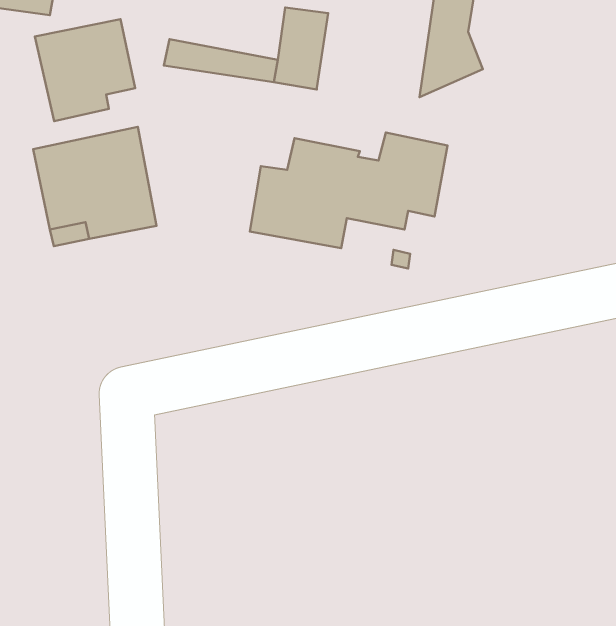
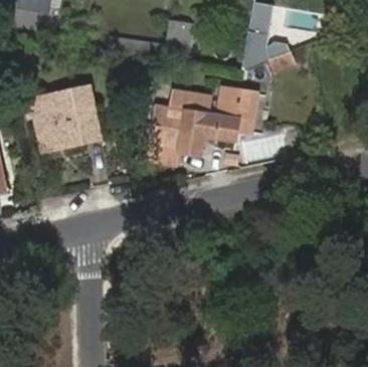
building: [35,19,135,121] -> none

